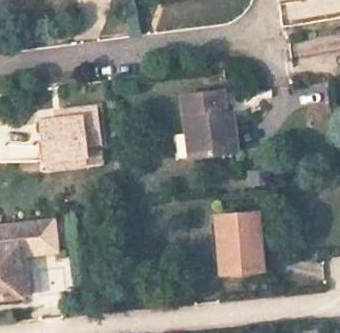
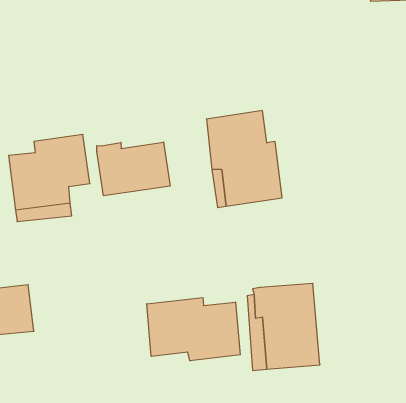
building: none -> [97,142,170,196]
building: none -> [147,298,240,361]

